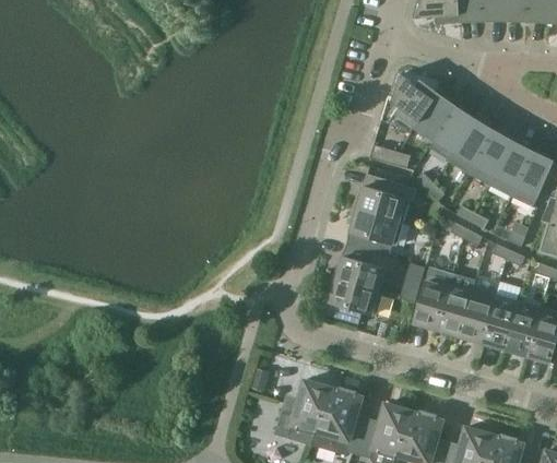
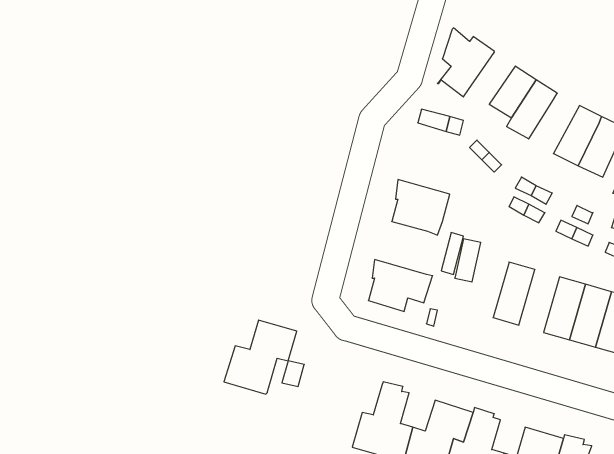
building: [415,94,457,141] -> none
building: [469,131,513,185] -> none
building: [353,174,417,223] -> none
building: [332,245,396,292] -> none
building: [414,274,451,330] -> none
building: [460,287,496,343] -> none
building: [274,380,339,446] -> [224,320,297,394]

